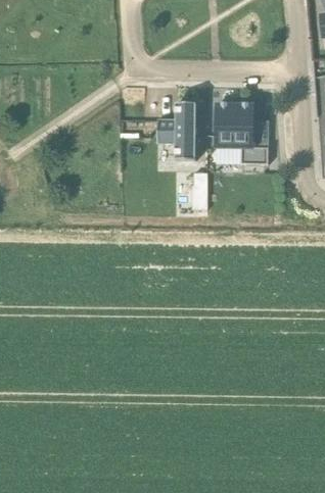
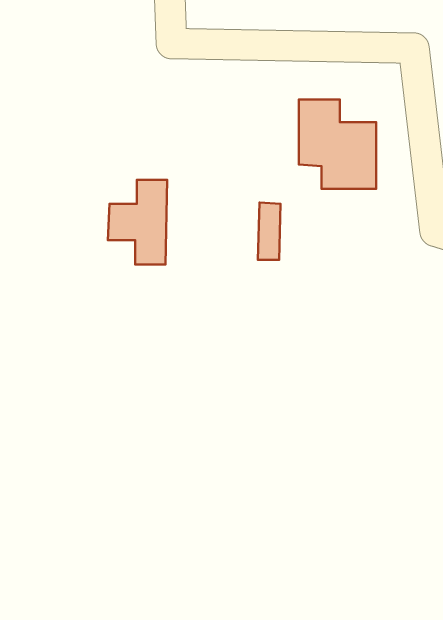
building: [156,102,196,159] -> [108,180,167,264]

